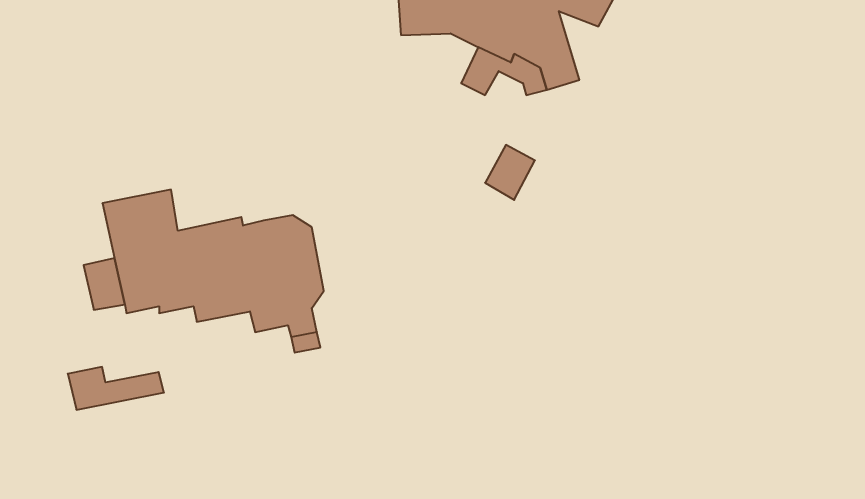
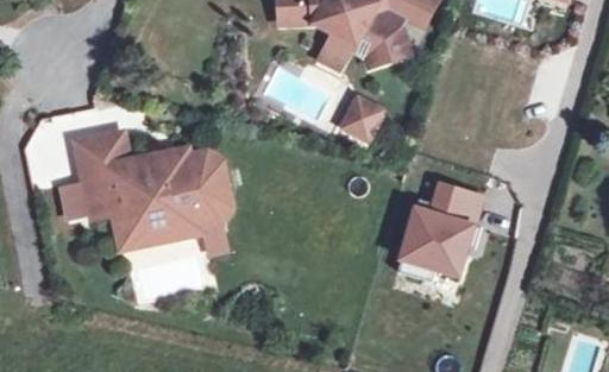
building: none -> [400,182,478,272]
building: [68,367,164,410] -> [114,214,181,244]

